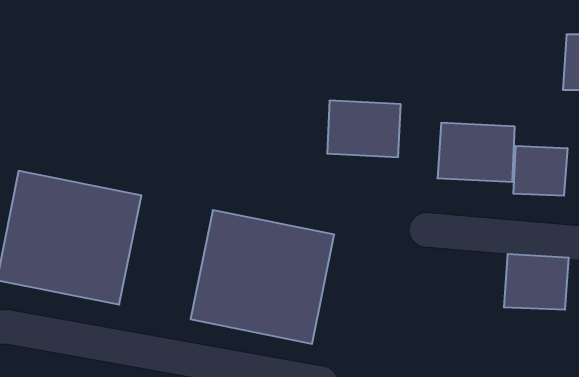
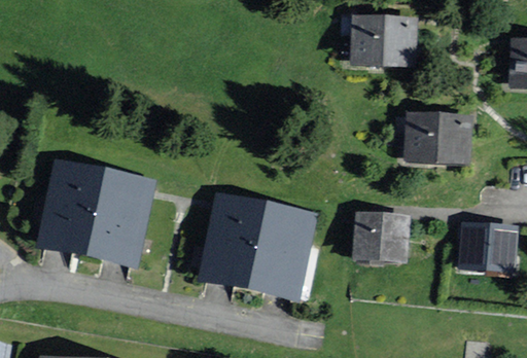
building: [327,101,401,157] -> [354,17,416,65]
building: [513,146,567,196] -> none
building: none -> [352,210,412,264]

